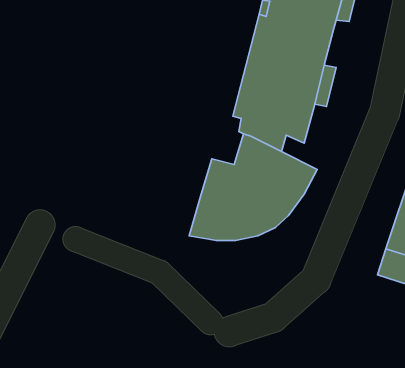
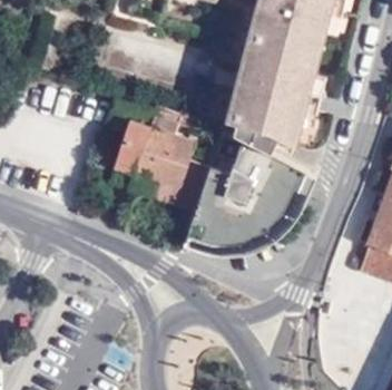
building: none -> [107,105,208,205]

